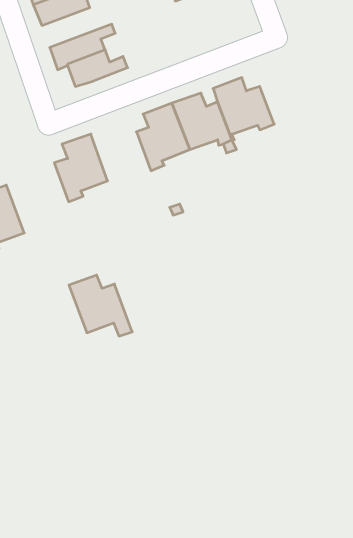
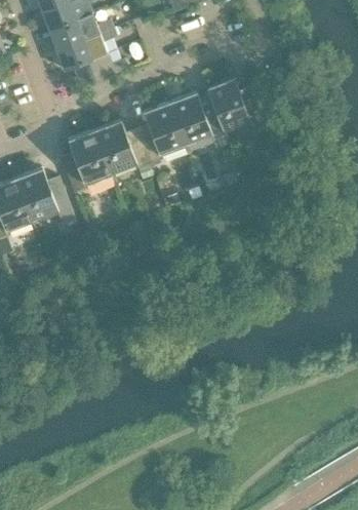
building: none -> [49,13,114,50]
building: none -> [94,120,150,173]
building: [69,275,132,336] -> [16,168,75,225]

